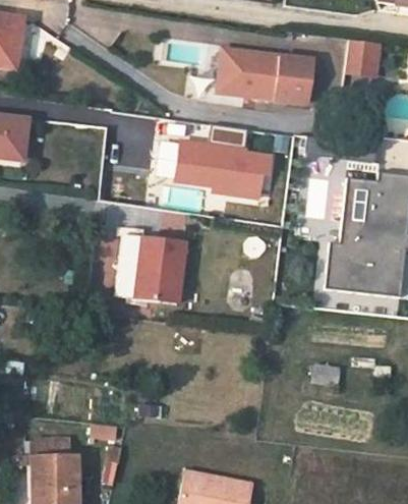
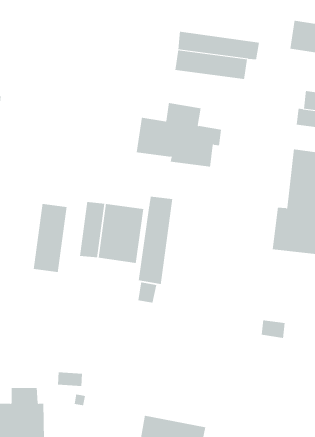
building: none -> [138,196,173,285]
building: none -> [33,203,67,273]

